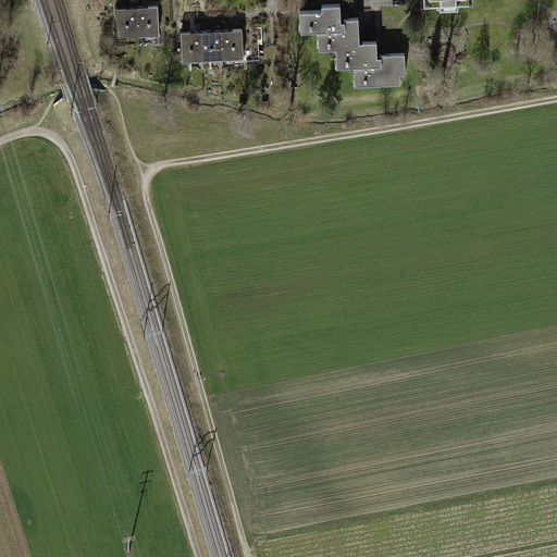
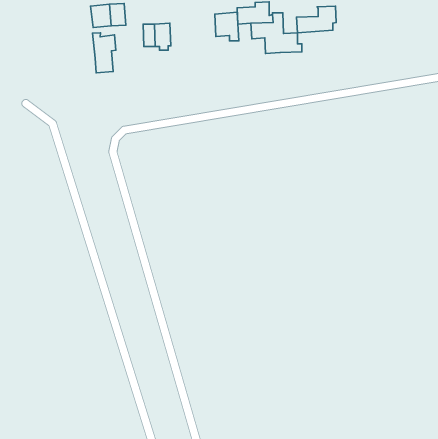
building: [214,29,245,65] -> [215,12,239,41]
building: none -> [92,33,116,73]
building: [354,54,404,88] -> [297,6,336,33]

